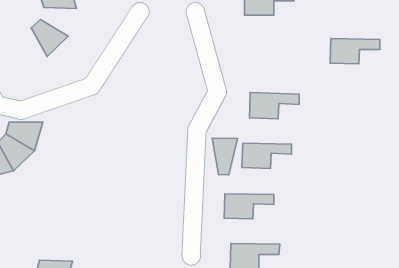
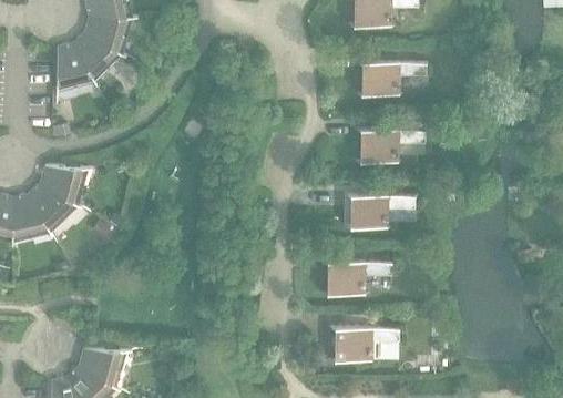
building: none -> [84,17,132,54]
building: none -> [55,43,93,91]
building: [330,39,380,64] -> [360,62,426,95]
building: [212,138,237,175] -> none

